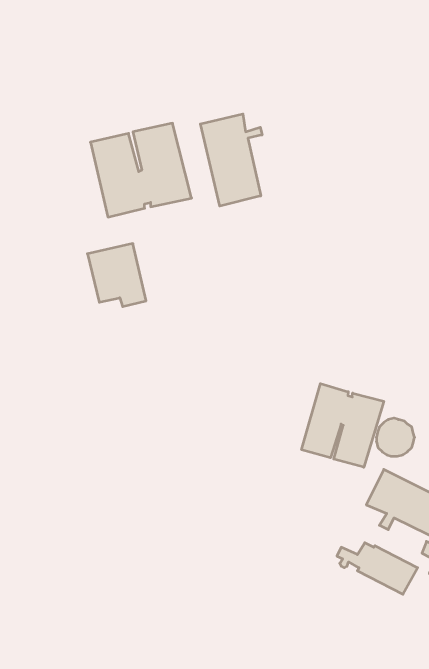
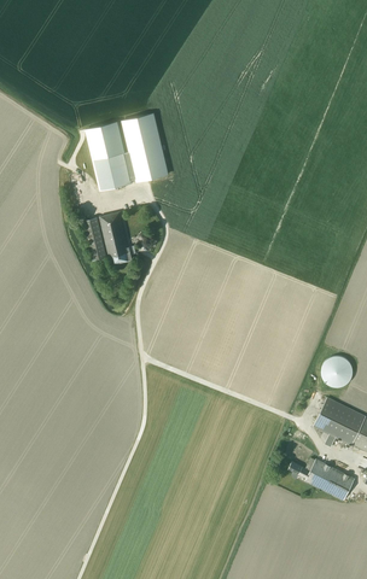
building: [200,114,262,206] -> none
building: [302,384,384,467] -> none

